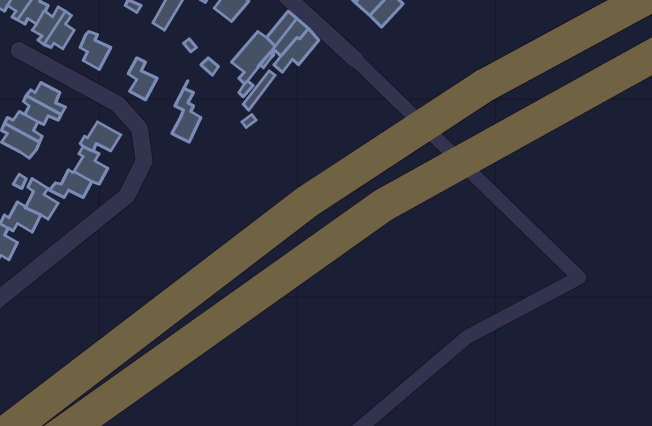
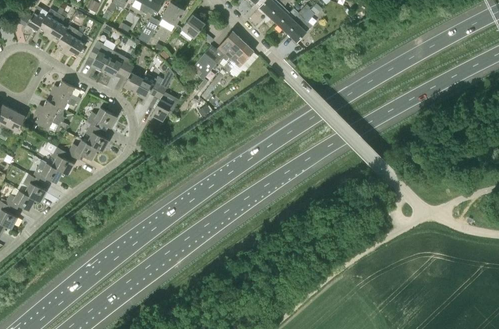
building: none -> [102,51,130,77]
building: none -> [134,76,163,99]

